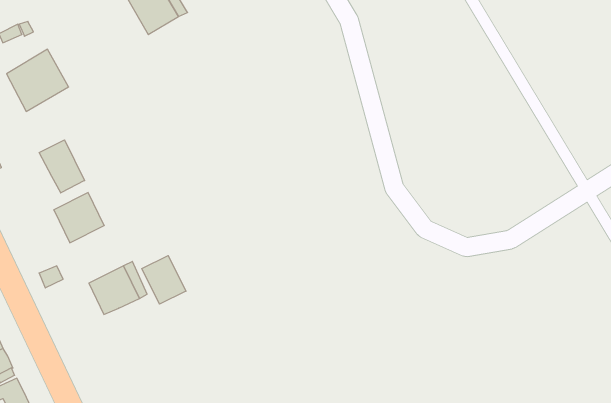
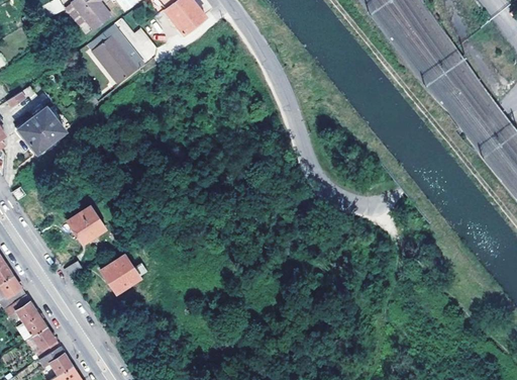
building: [39,140,85,193] -> none
building: [142,256,186,304] -> none

